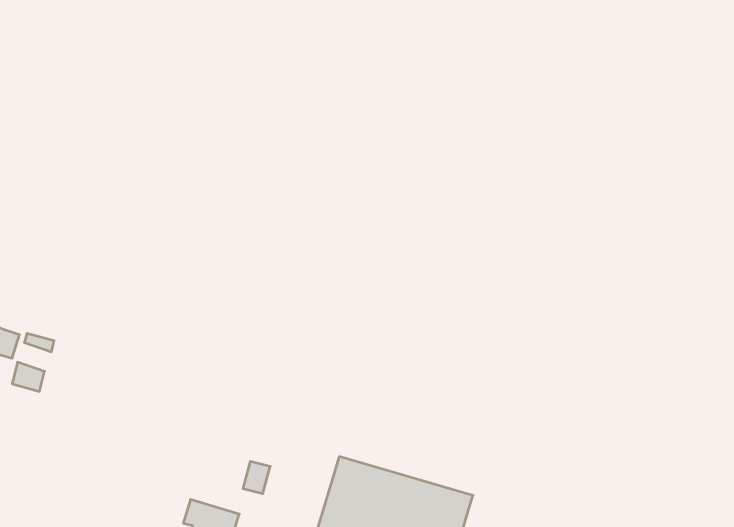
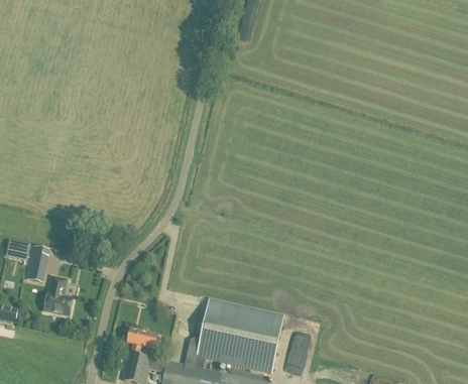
building: none -> [43,276,72,315]

